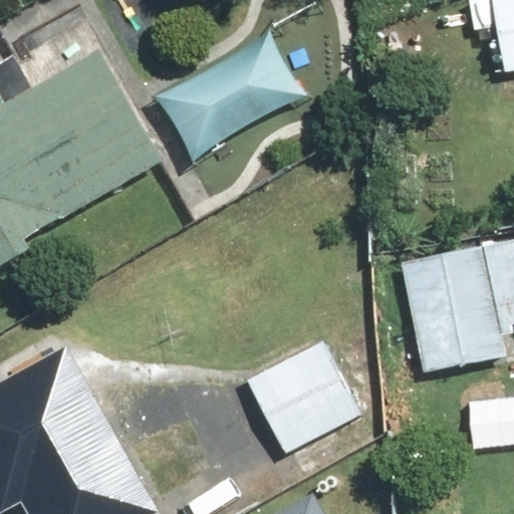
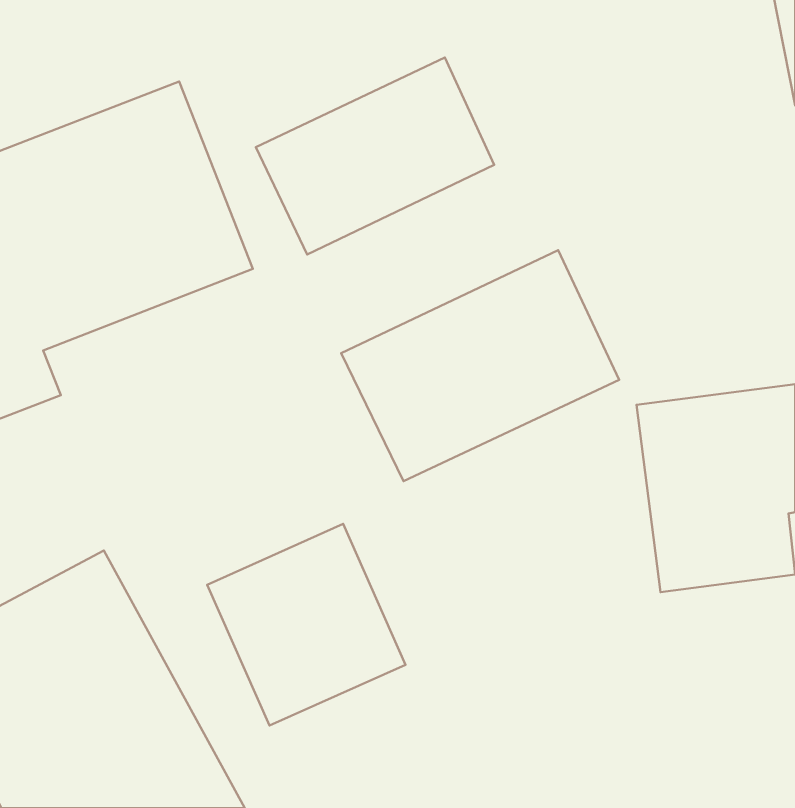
building: none -> [341,250,619,481]
building: [243,329,367,456] -> [207,524,405,726]

